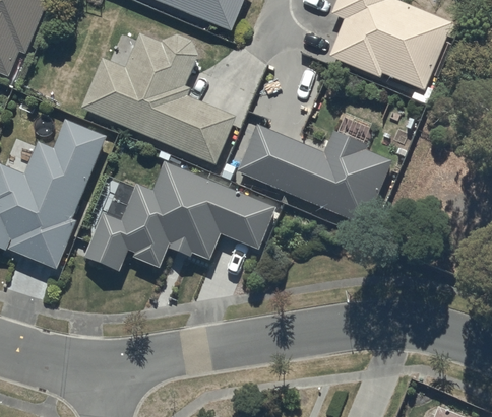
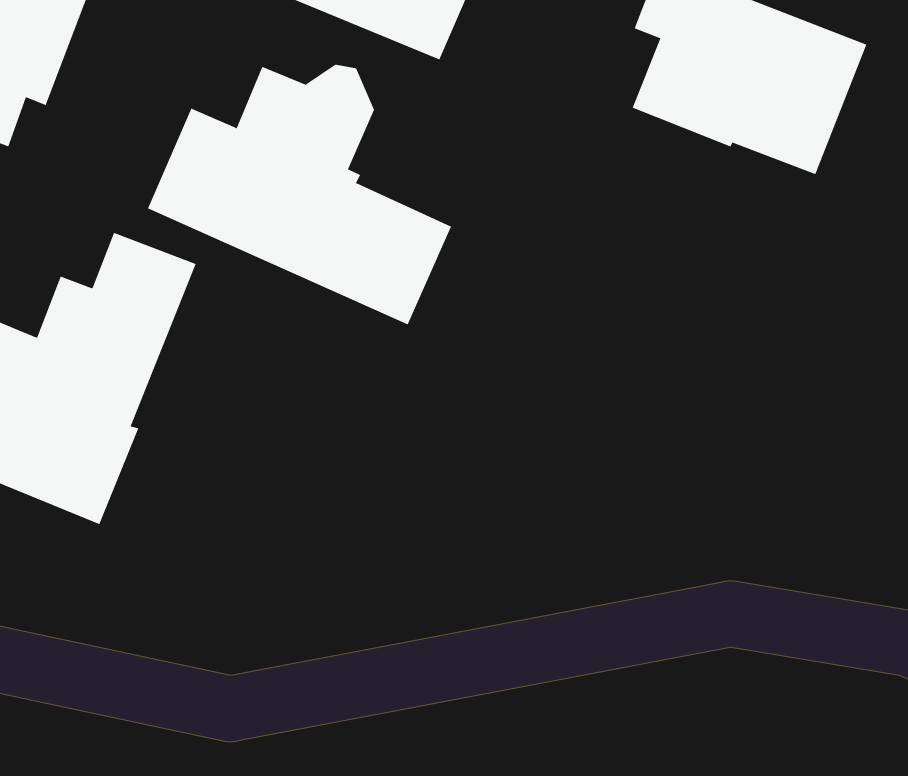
building: [237,125,389,225] -> none
building: [83,162,273,272] -> none

